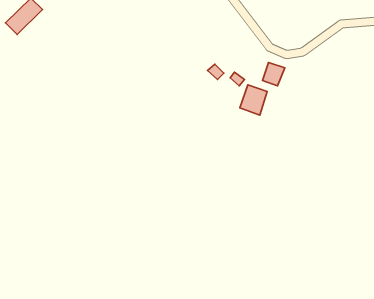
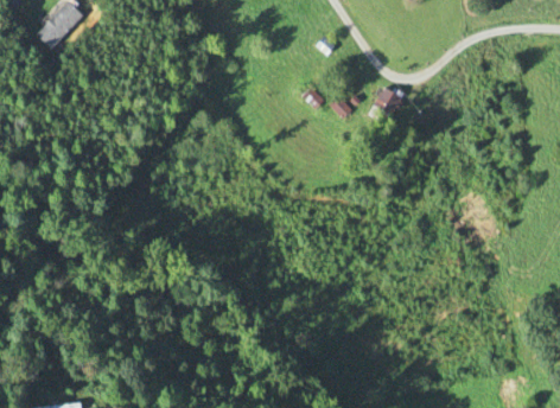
building: [240,85,267,115] -> none

